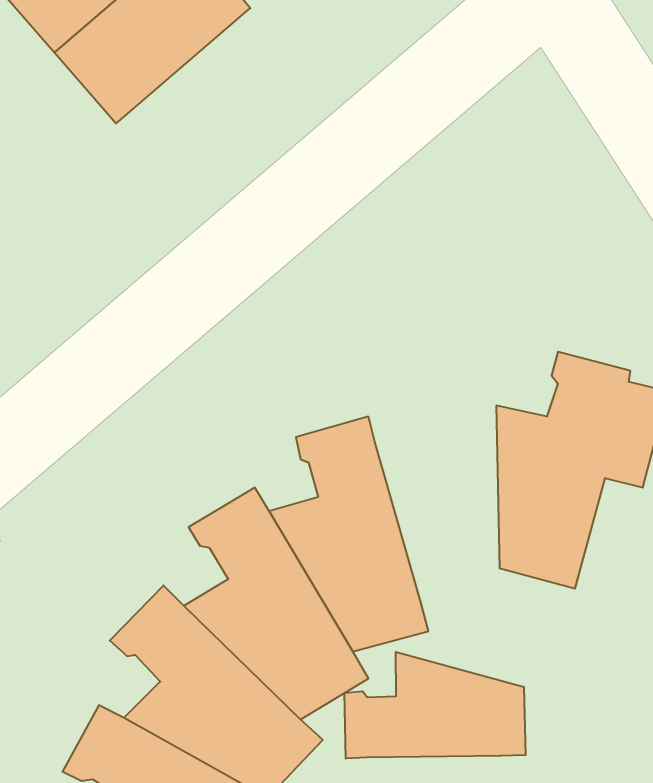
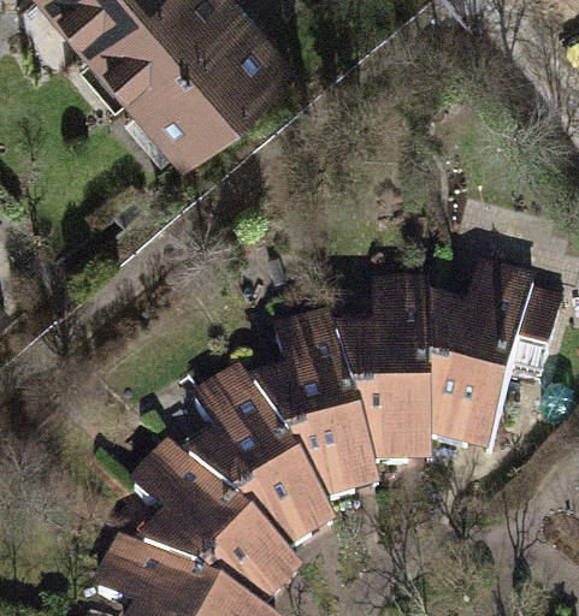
building: none -> [135,7,284,149]
building: none -> [332,289,427,460]
building: [345,652,526,759] -> none

